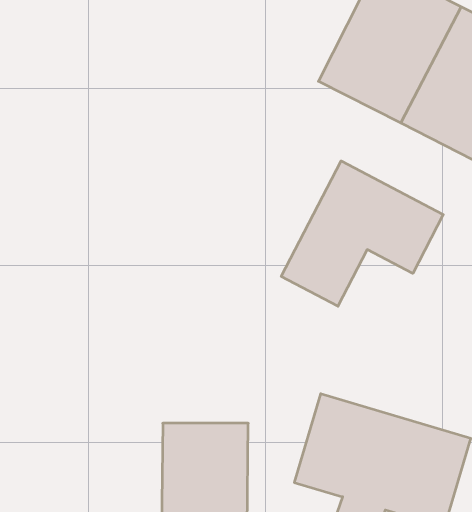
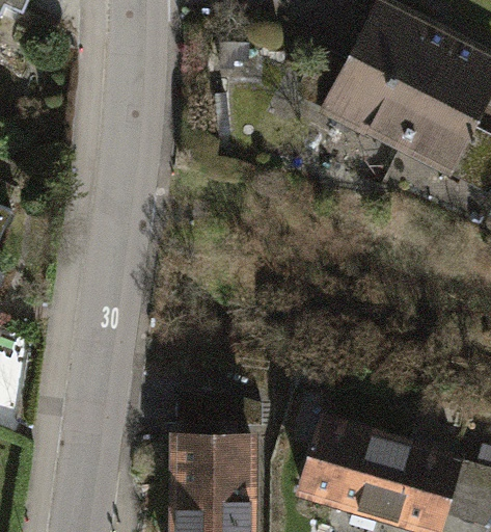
building: [281,161,443,306] -> none

